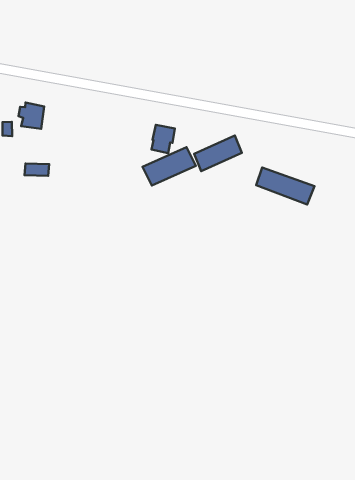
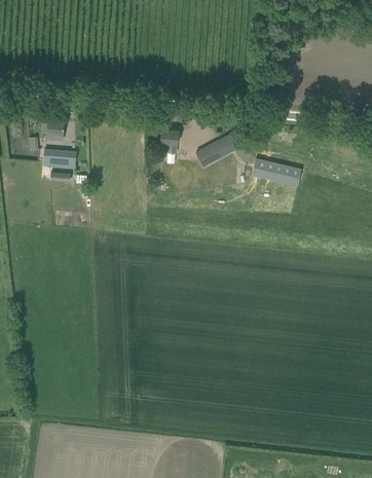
building: none -> [43,152,75,171]
building: [143,147,196,186] -> none

